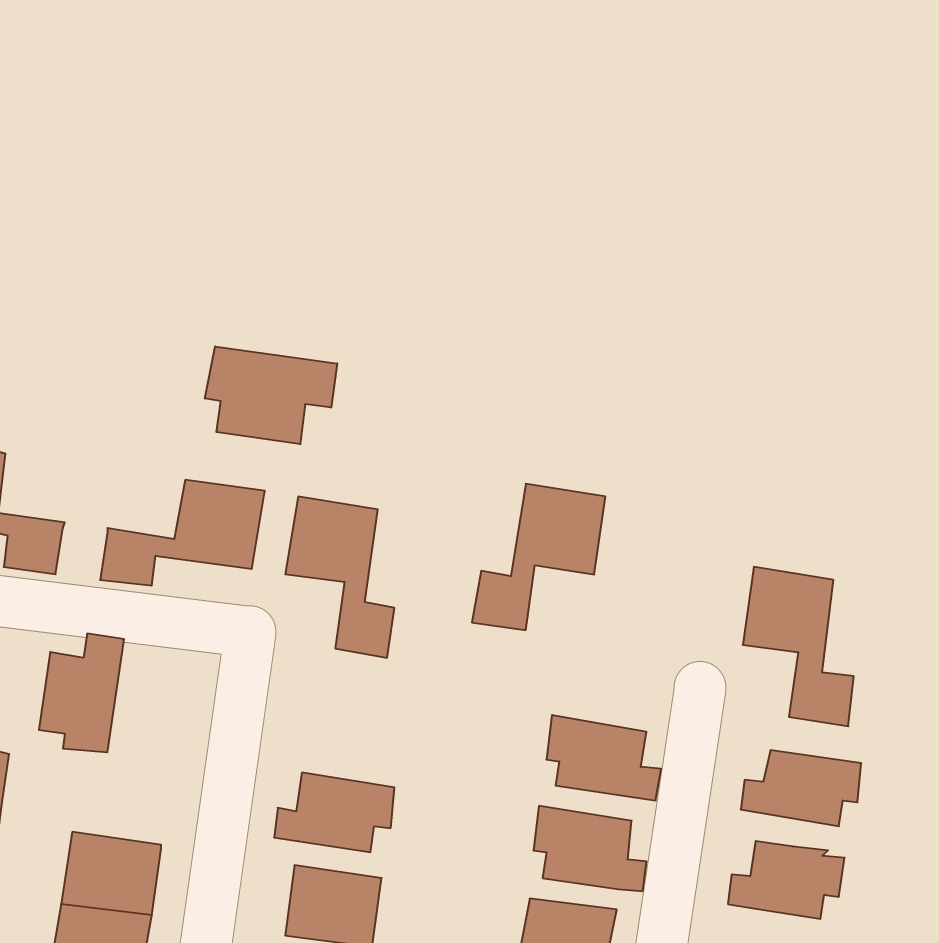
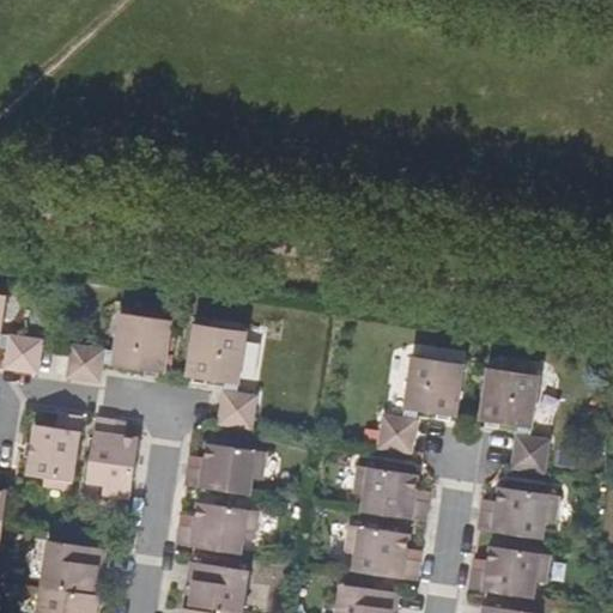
building: [205,346,337,444] -> none
building: [472,484,605,630] -> [377,357,463,451]
building: none -> [84,418,138,497]
building: none -> [186,443,265,493]

